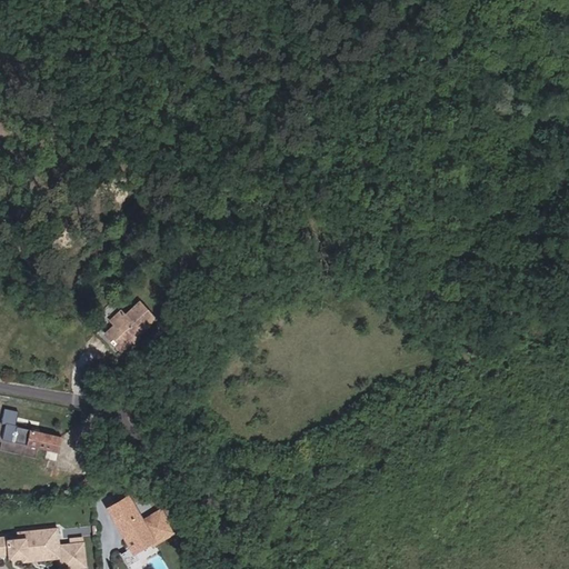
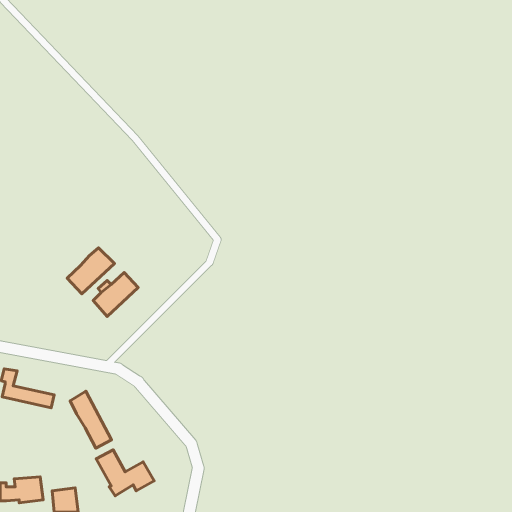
building: none -> [67,248,114,294]
building: none -> [70,391,111,448]

